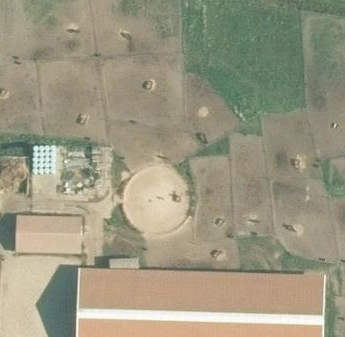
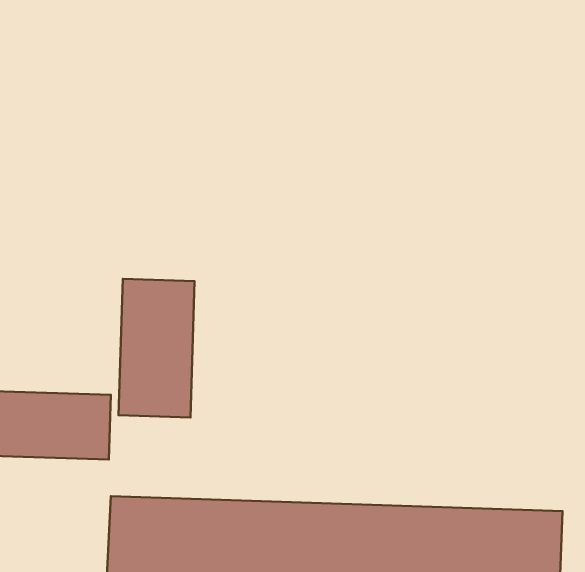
building: none -> [118,279,195,418]

